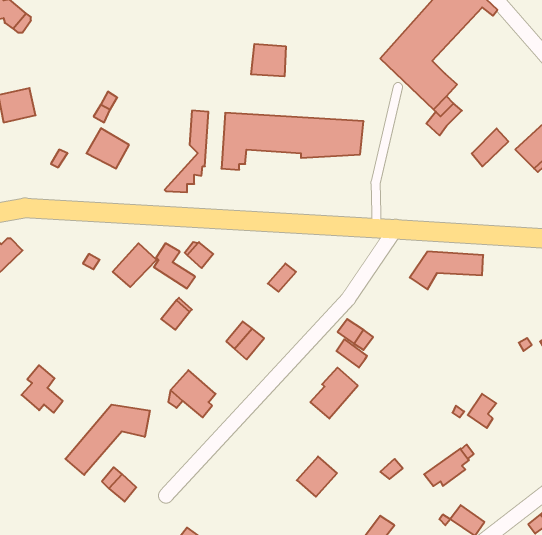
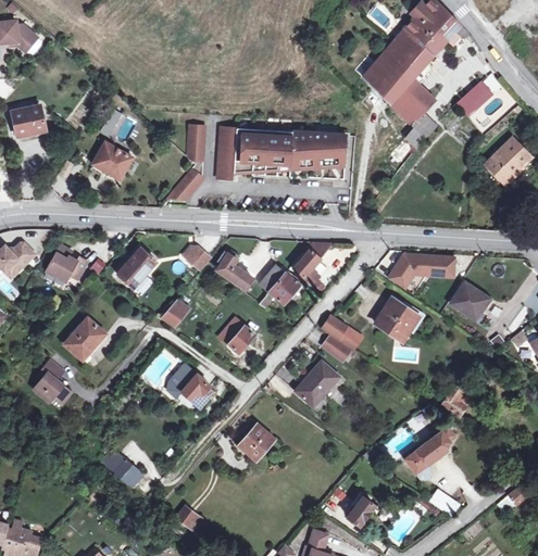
building: [251,44,286,76] -> none
building: [472,128,508,166] -> [454,80,488,115]
building: none -> [292,242,334,285]
building: none -> [46,245,85,279]
building: [154,243,195,288] -> [215,249,253,290]
building: none -> [259,271,299,308]
building: none -> [451,285,490,321]
building: none -> [376,301,417,343]
building: none -> [59,315,100,358]
building: [65,405,150,475] -> none
building: [297,456,337,497] -> [238,425,275,462]

